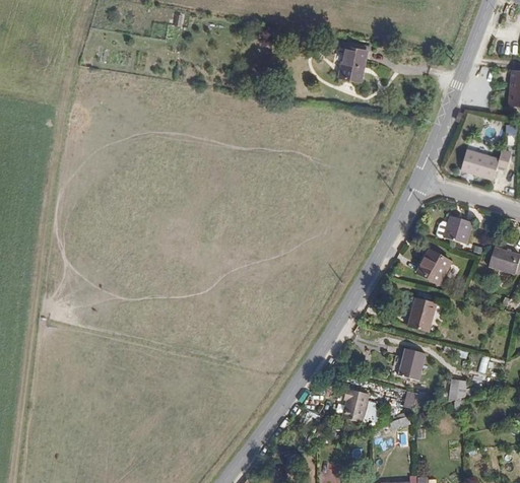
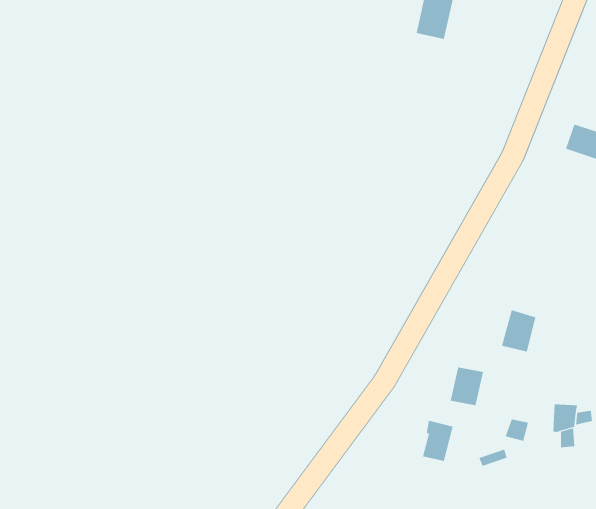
building: [446,216,472,244] -> none
building: [416,248,452,284] -> none
building: [398,348,426,380] -> [450,367,484,406]

